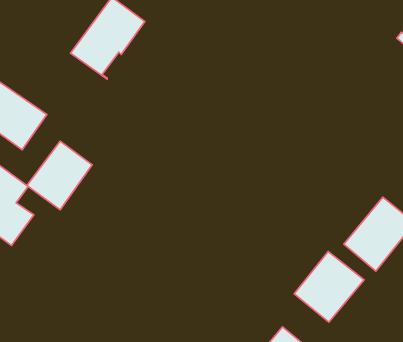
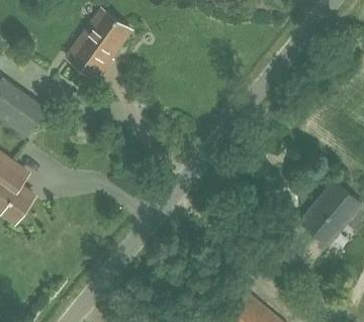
building: [27,141,92,210] -> none
building: [294,252,364,322] -> none

